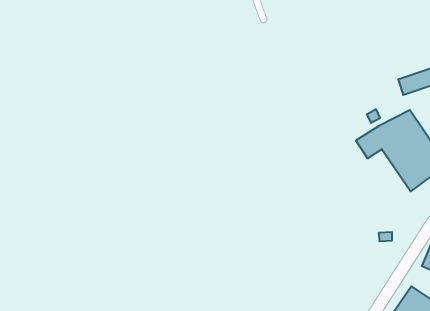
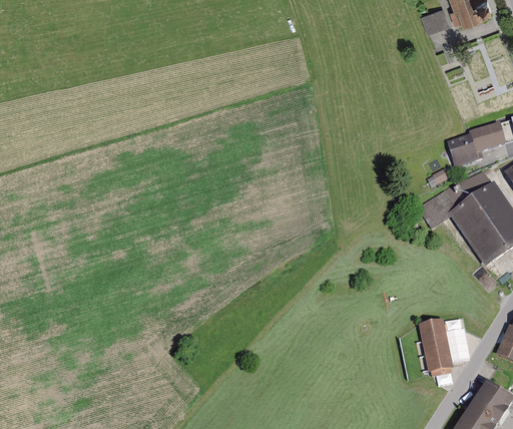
building: none -> [448,134,479,167]
building: none -> [420,323,453,374]

